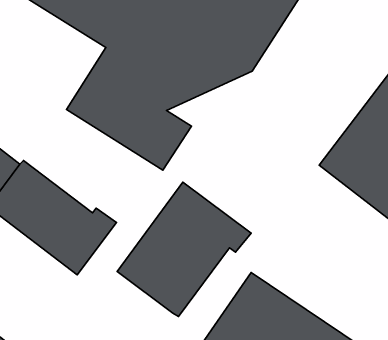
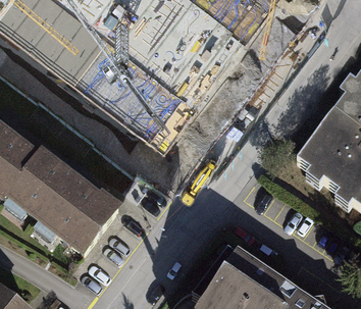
building: [117,182,251,317] -> none

